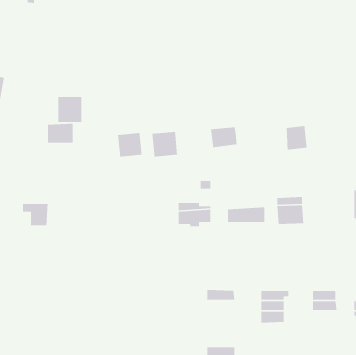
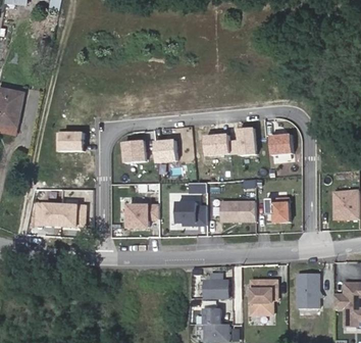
building: [58,96,82,123] -> none
building: none -> [228,127,255,155]
building: none -> [60,203,84,224]
building: none -> [127,210,158,227]
building: none -> [202,310,227,331]

